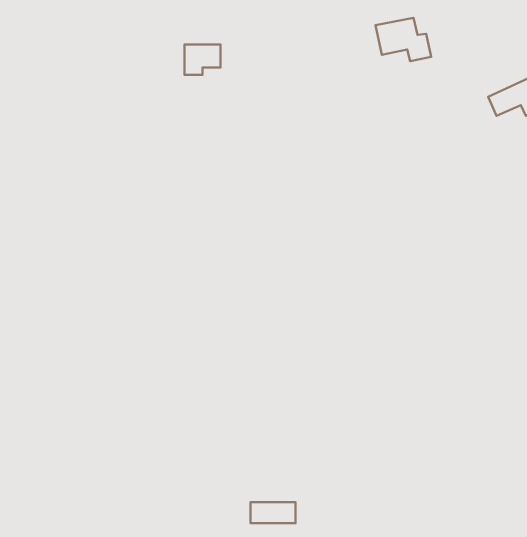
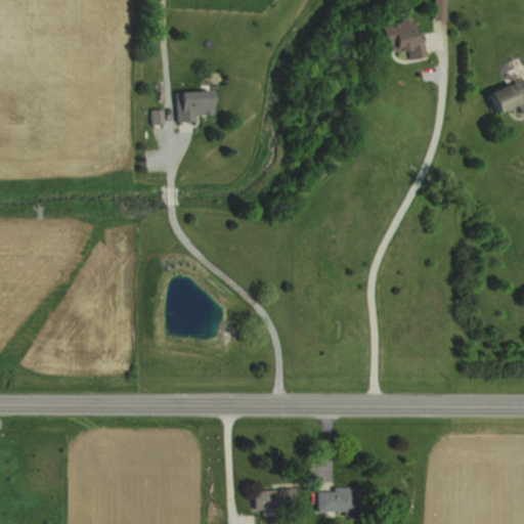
building: [185,44,220,75] -> [180,92,215,122]
building: none -> [319,488,360,512]

